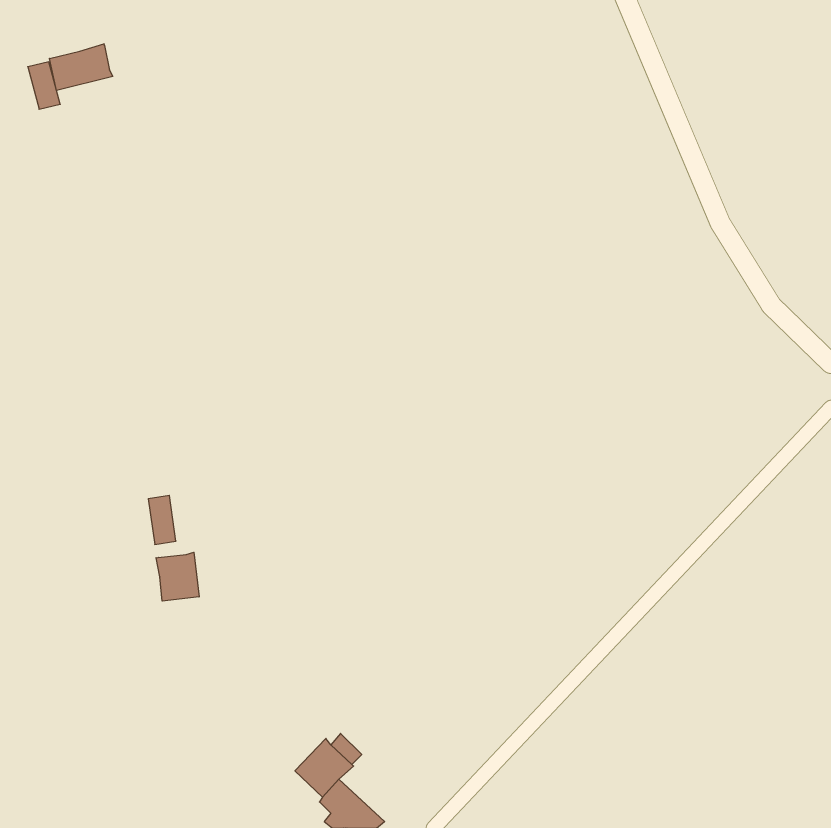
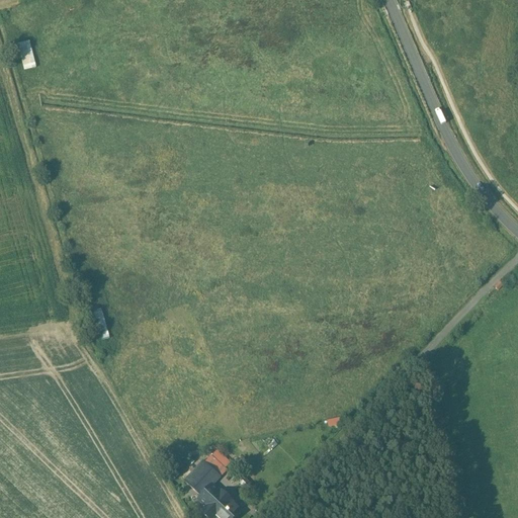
building: [49,44,113,91] -> none
building: [156,552,199,601] -> none

